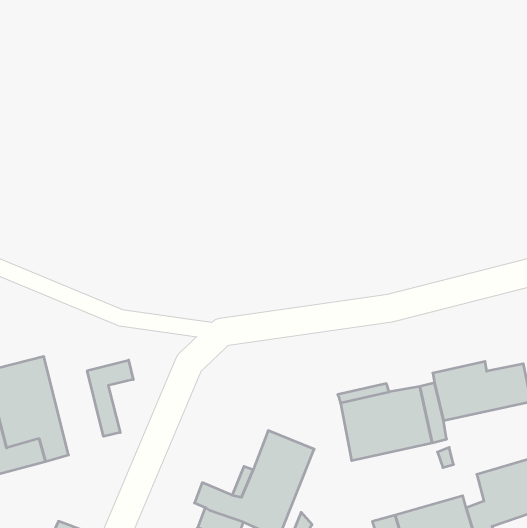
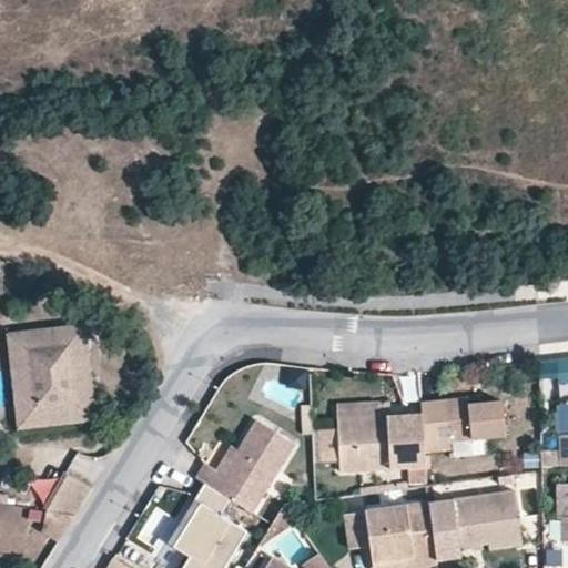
building: [87,360,133,436] -> none

